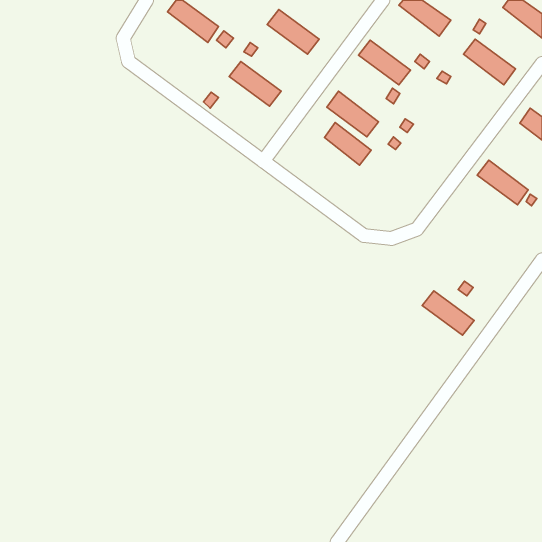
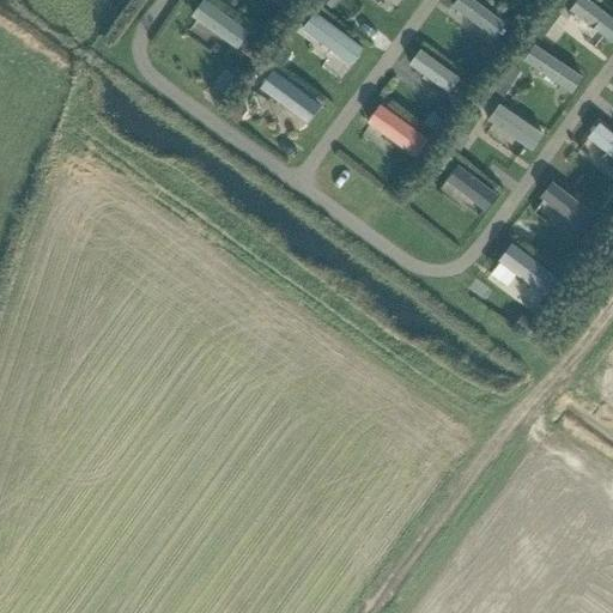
building: none -> [487,101,546,152]
building: [325,123,371,165] -> [445,164,498,212]
building: [422,291,474,335] -> [499,245,558,296]

